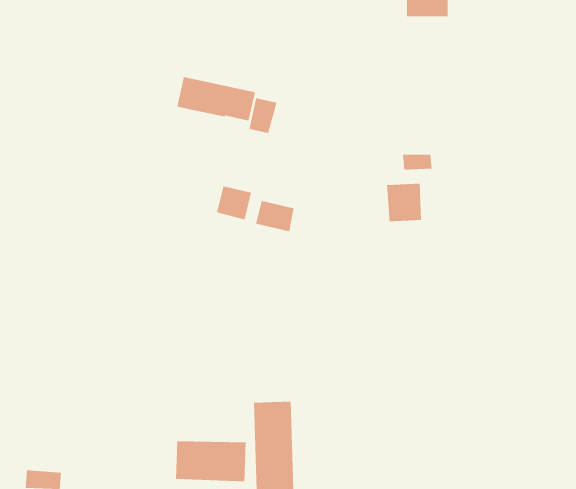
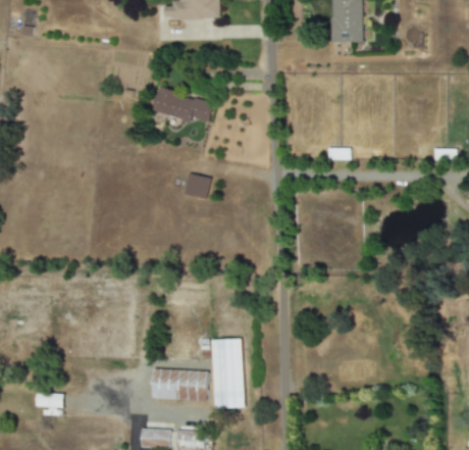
building: [249,97,277,134] -> none
building: [386,183,421,222] -> none
building: [256,200,294,232] -> none

